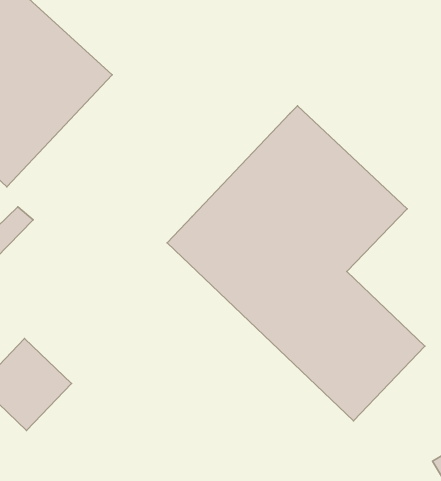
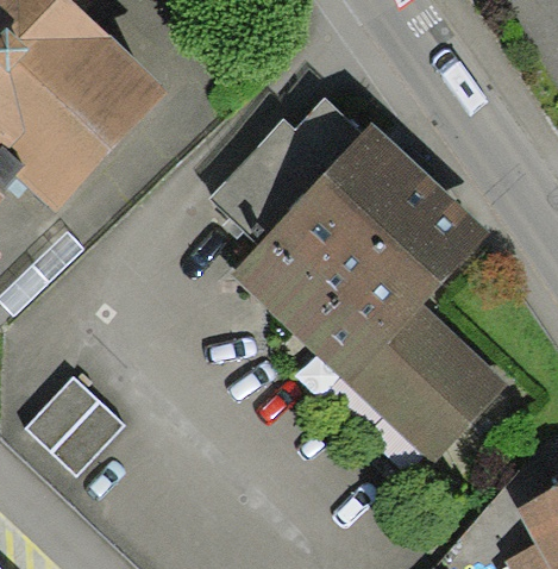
building: none -> [208,96,363,244]

